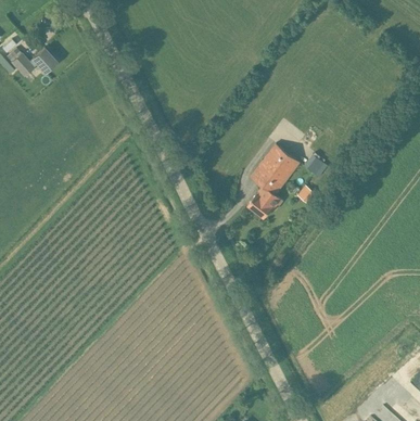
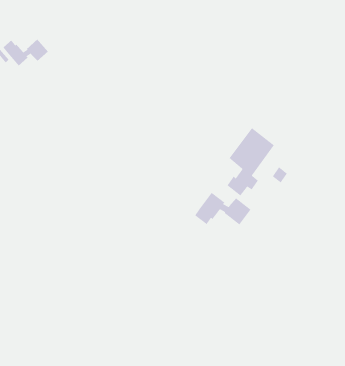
building: none -> [194,192,251,226]

